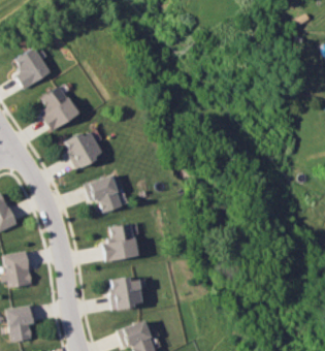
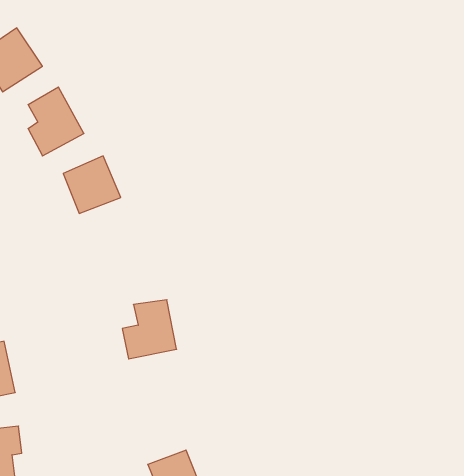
building: [87,176,120,213] -> none
building: [108,277,141,309] -> none

